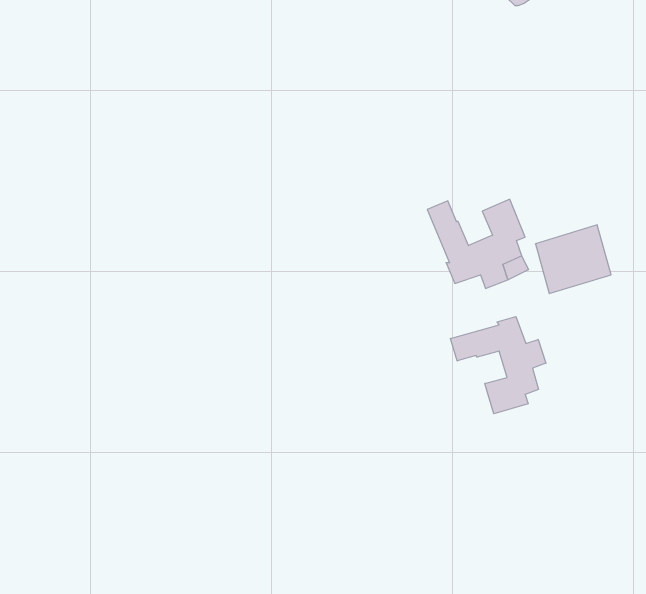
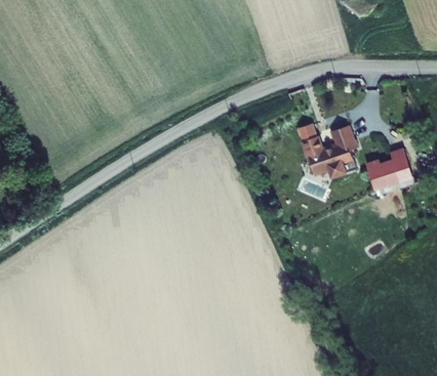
building: [450,317,546,414] -> none

